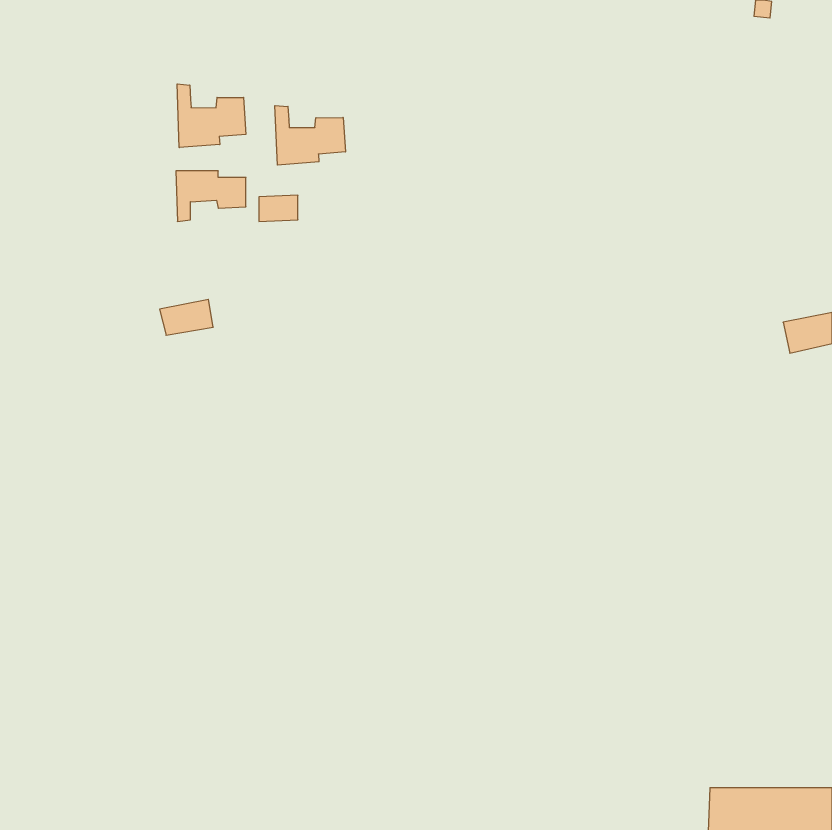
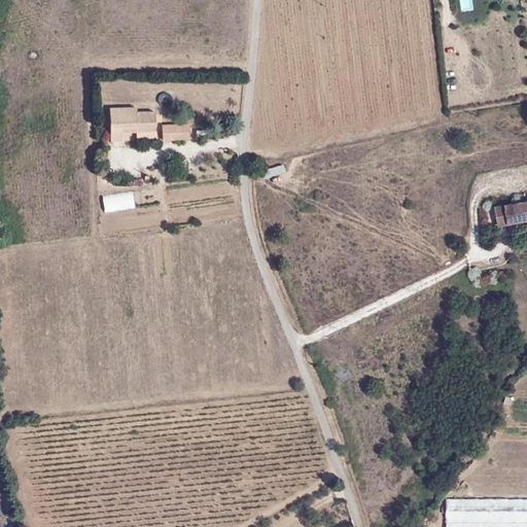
building: [177,84,246,148] -> none
building: [275,106,345,165] -> none

